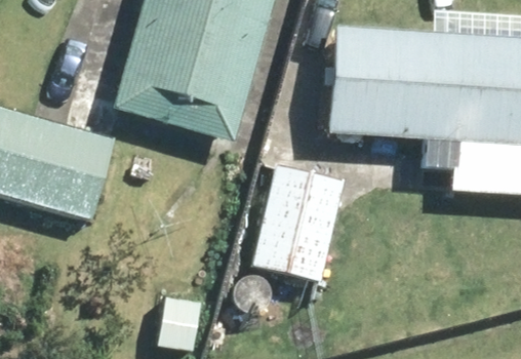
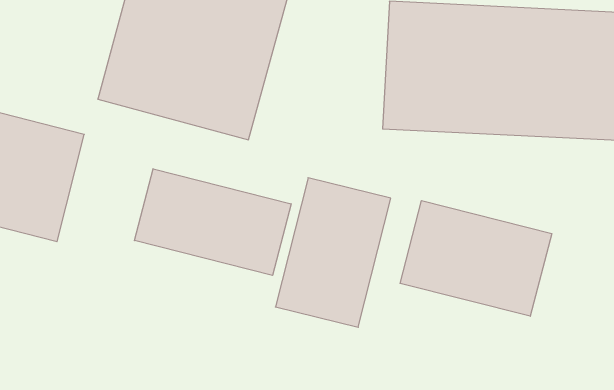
building: none -> [134,169,291,275]
building: none -> [400,201,552,316]

